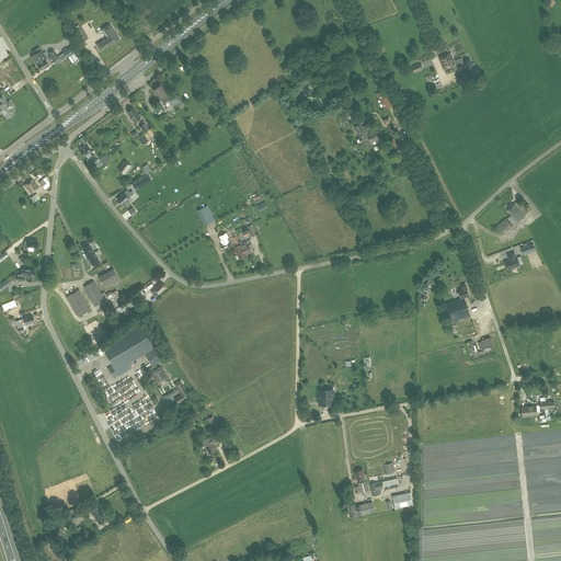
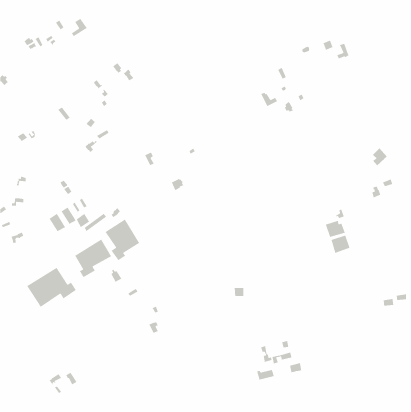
building: none -> [104,219,140,261]
building: none -> [26,267,77,308]

